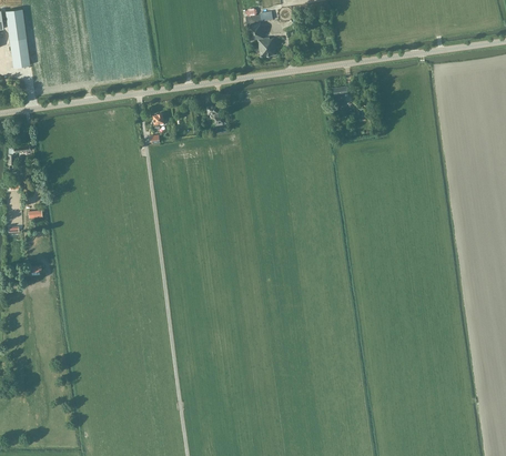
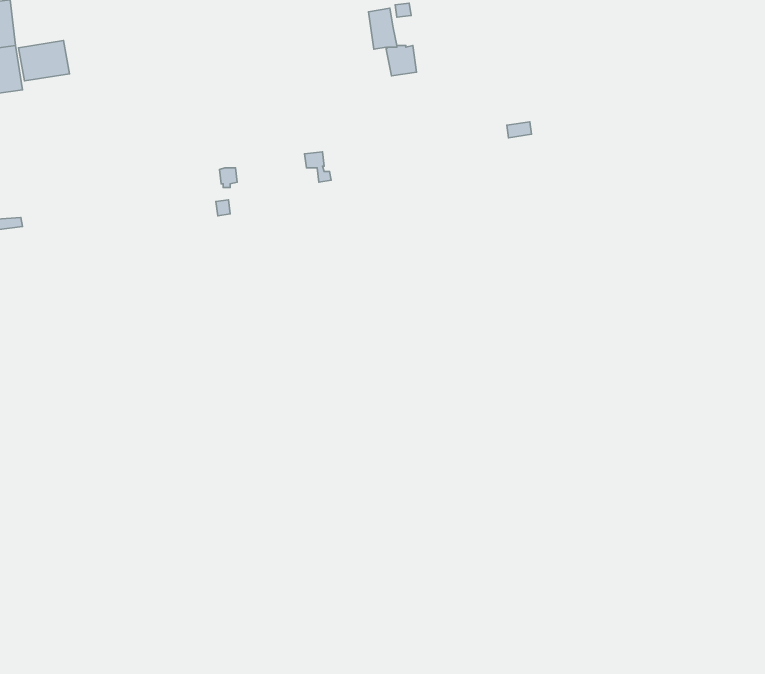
building: none -> [19,41,69,81]

